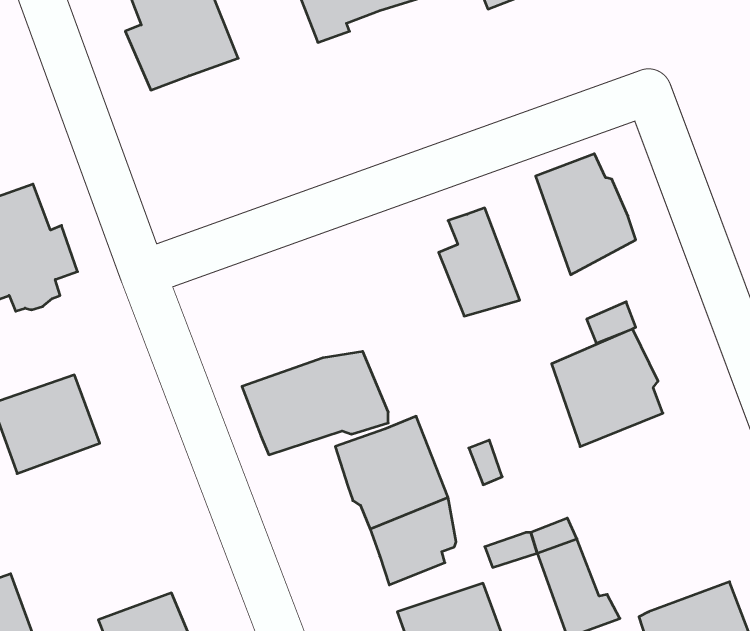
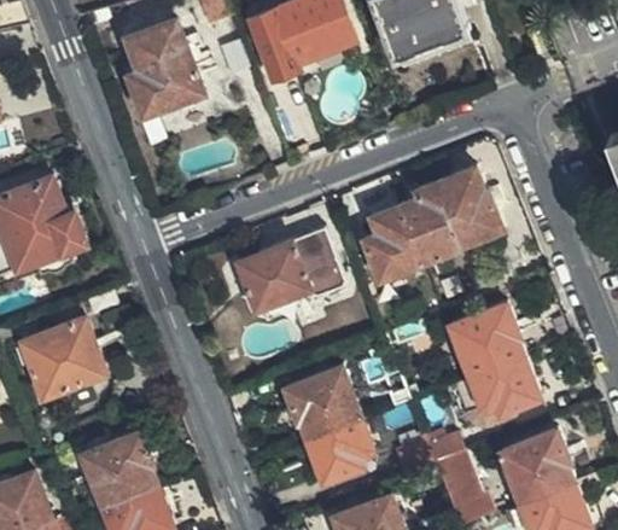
building: none -> [395,181,460,275]
building: [242,351,388,455] -> [232,234,343,313]
building: none -> [467,361,540,413]
building: none -> [497,425,581,512]
building: none -> [82,442,157,518]

